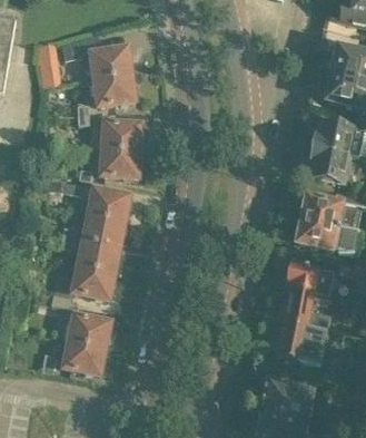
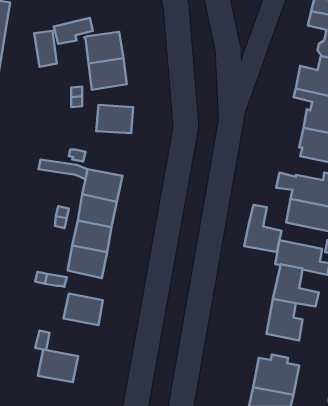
building: [101,149,138,178] -> none
building: none -> [244,205,281,252]
building: [63,341,105,374] -> [38,350,78,382]

